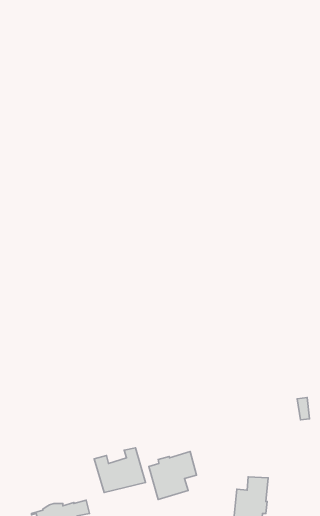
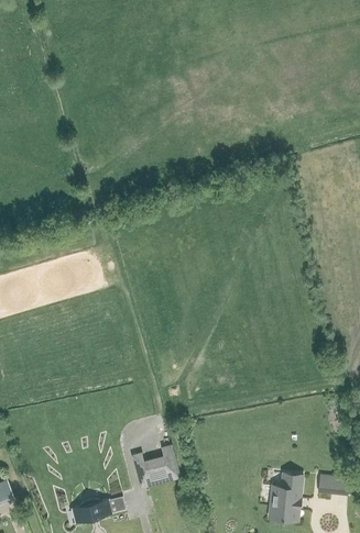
building: [149,452,197,499] -> none
building: none -> [318,477,349,496]

